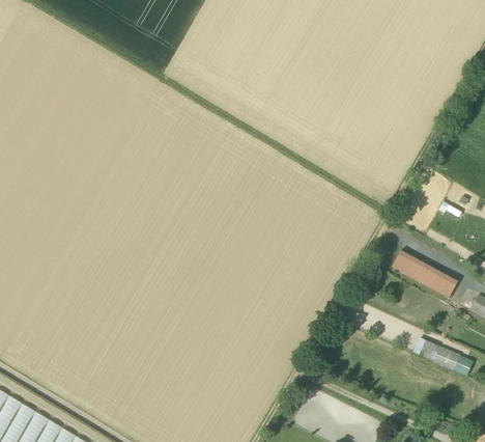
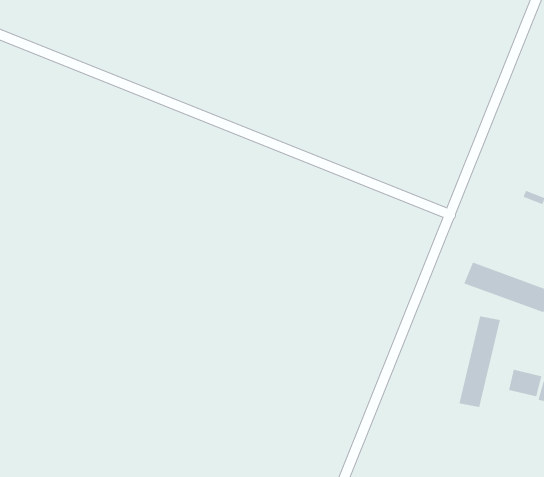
building: none -> [459,316,501,408]

